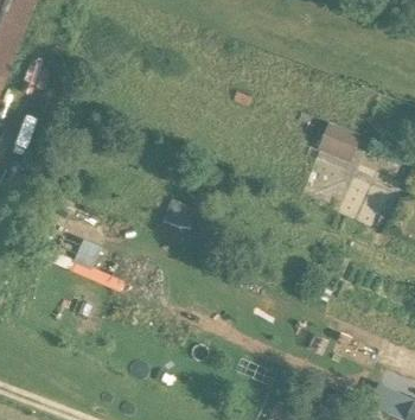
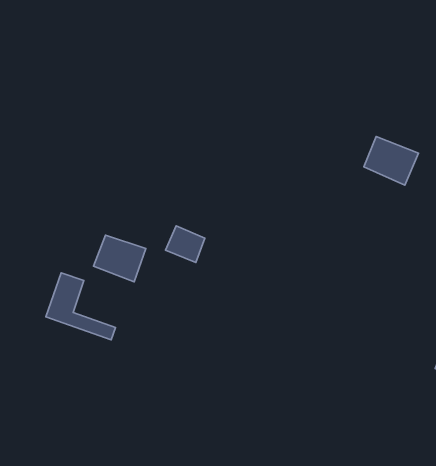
building: none -> [94,235,146,282]

